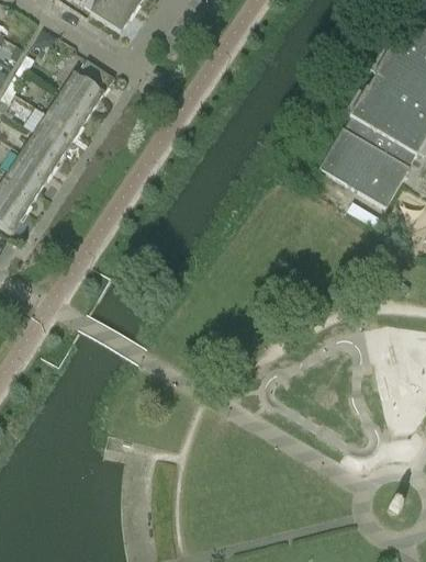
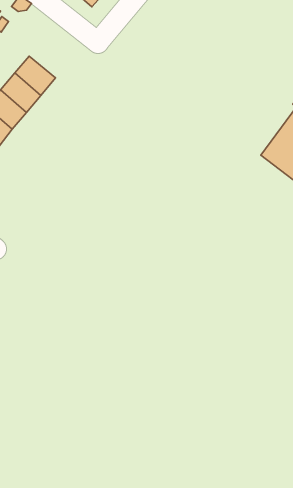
building: [58,59,113,113] -> none

